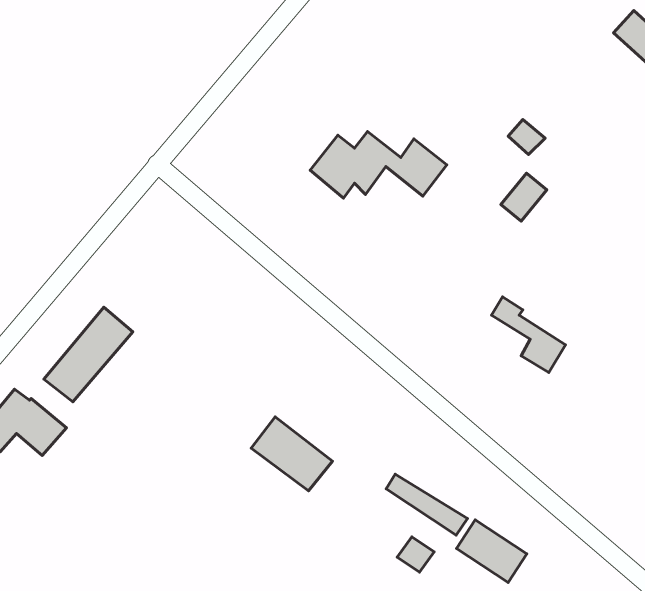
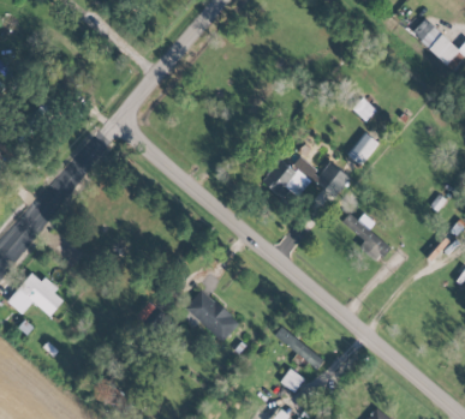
building: [310,132,447,198] -> [262,156,351,199]
building: [44,307,133,402] -> none
building: [457,520,527,582] -> none

